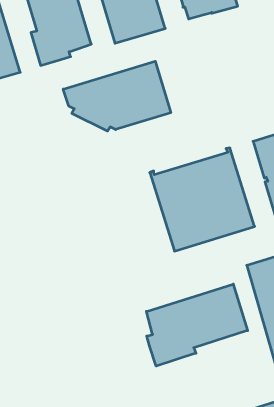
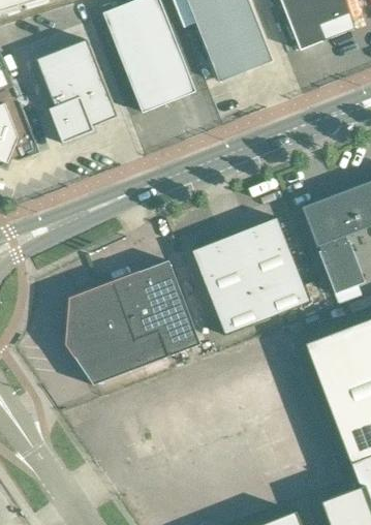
building: [63,61,171,131] -> none
building: none -> [65,259,200,384]
building: [146,284,248,366] -> none

